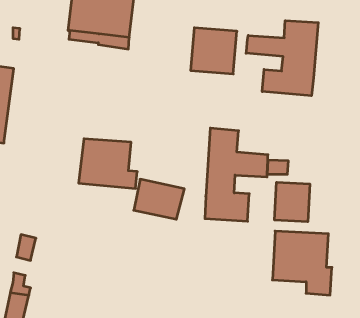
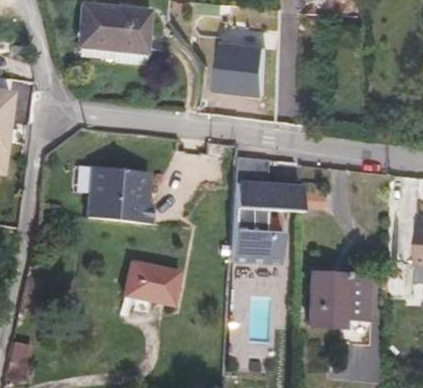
building: [246,21,318,96] -> none
building: [134,179,184,219] -> [123,259,180,304]
building: [275,182,310,222] -> none

